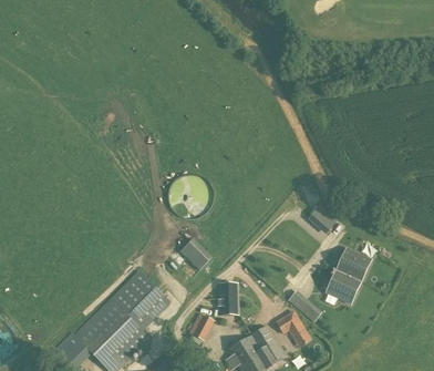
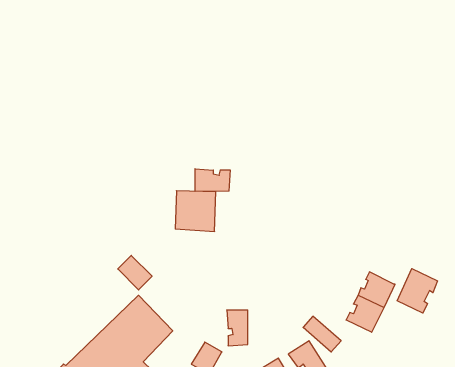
building: none -> [195,169,230,191]
building: [307,203,337,234] -> none
building: [179,239,210,270] -> [118,255,152,290]
building: none -> [397,269,438,313]

